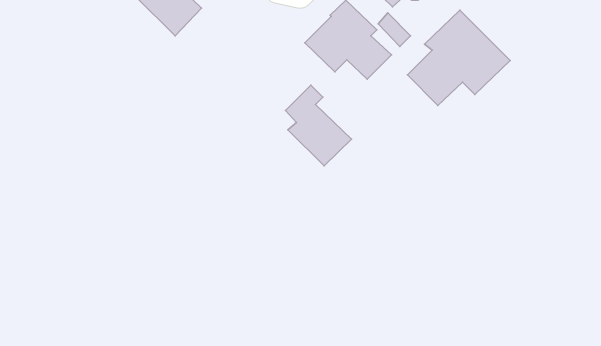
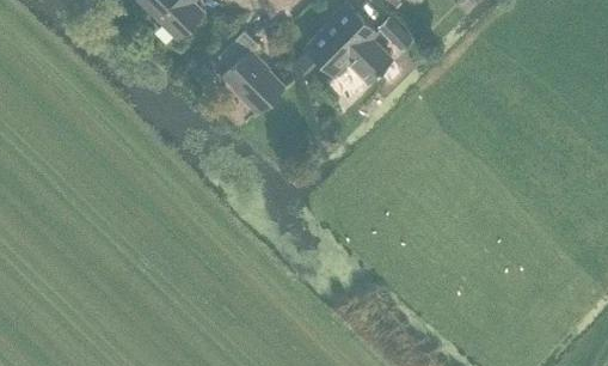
building: [407,10,510,105] -> none
building: [286,85,352,166] -> [219,32,284,112]

